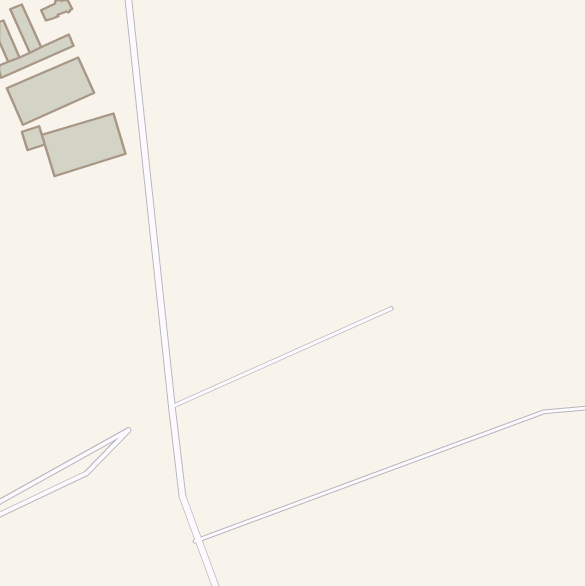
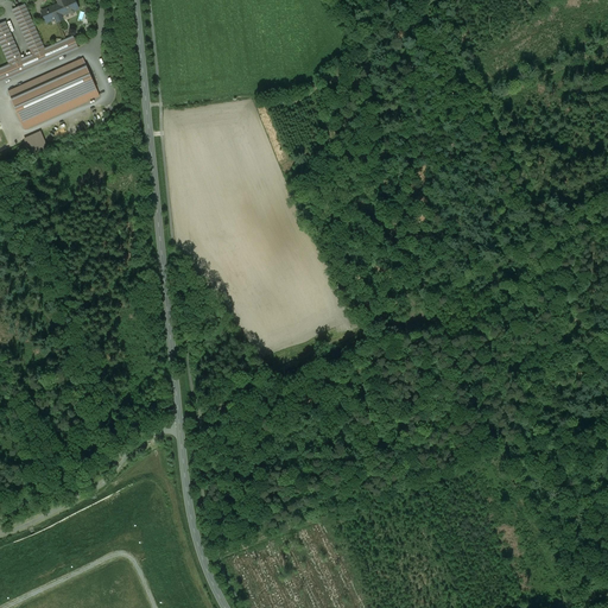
building: [42,114,126,176] -> none

